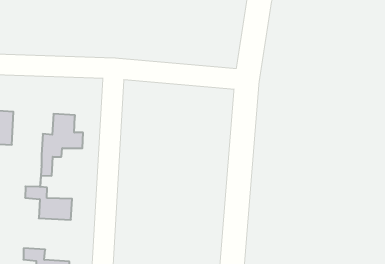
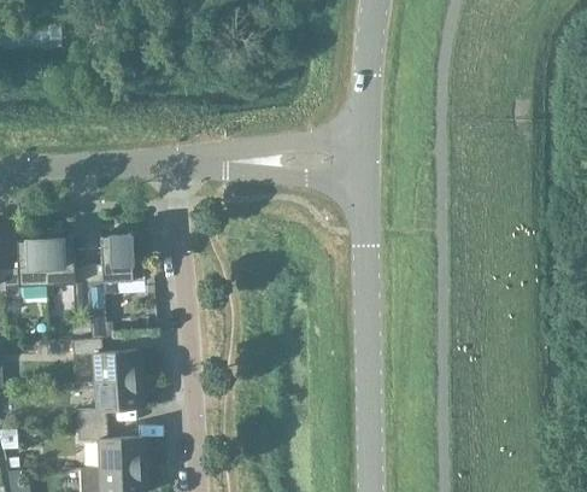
building: none -> [45,238,90,310]
building: none -> [77,380,141,426]

